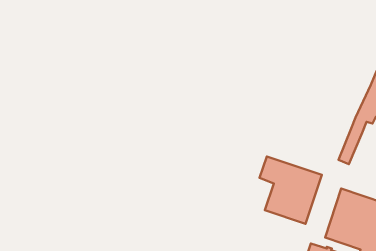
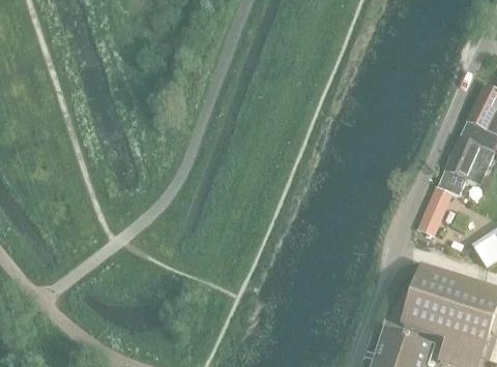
building: [259,156,322,224] -> none

